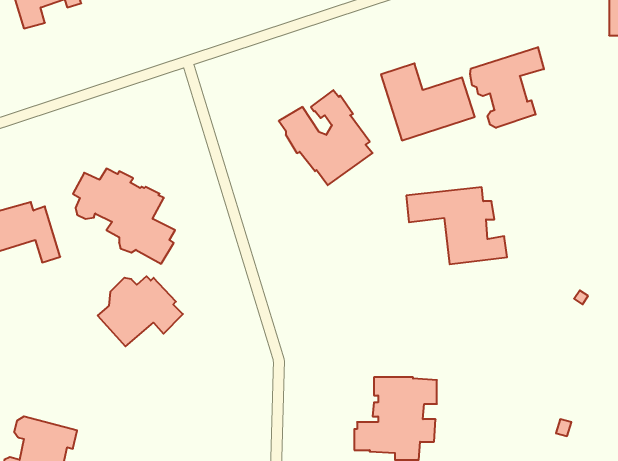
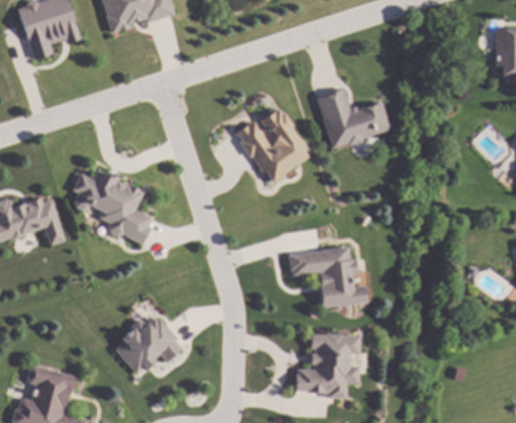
building: [470,47,544,128] -> none
building: [406,187,507,264] -> [287,246,367,307]
building: [98,276,183,346] -> [115,317,182,372]

